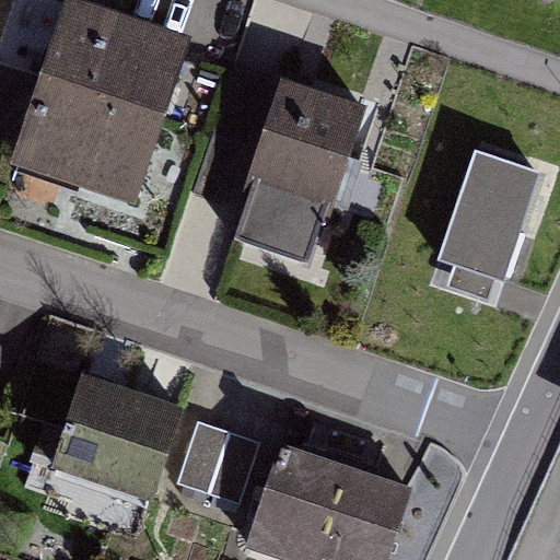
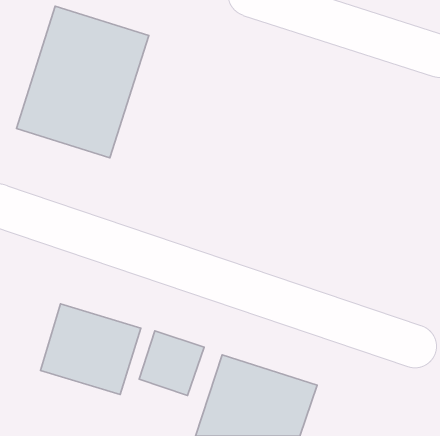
building: [214,92,364,285] -> none
building: [438,144,537,276] -> none

